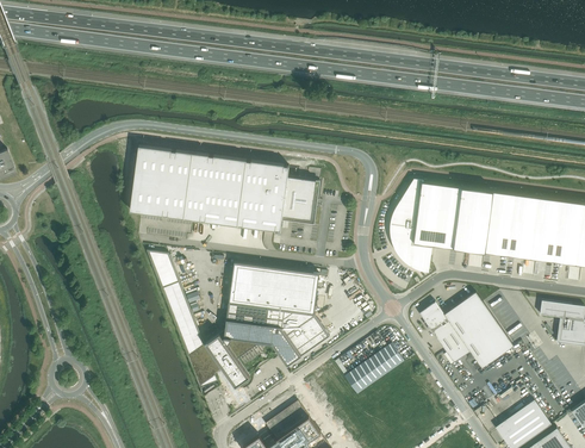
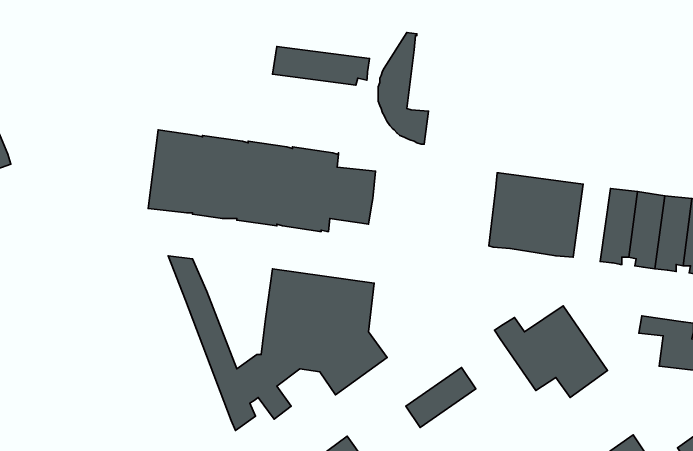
building: none -> [272,47,370,85]
building: [390,180,431,273] -> [378,32,428,144]
building: [484,192,515,256] -> none

